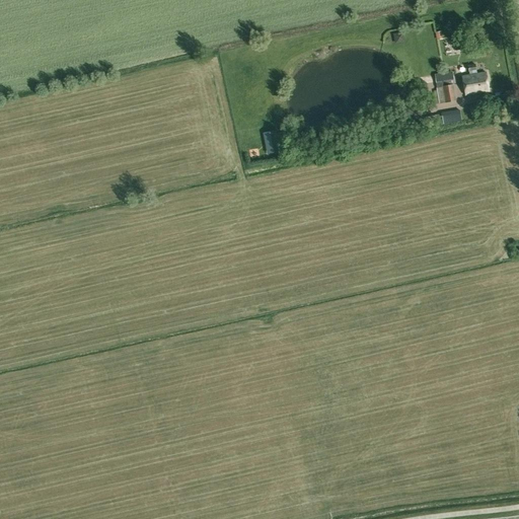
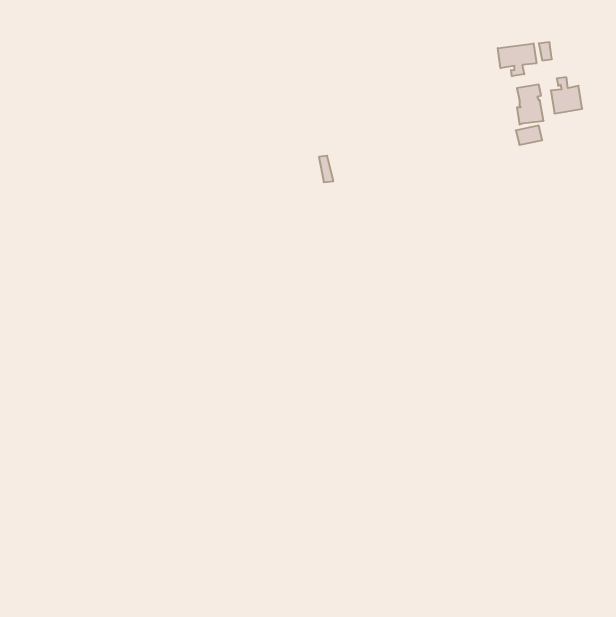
building: none -> [498,43,536,76]

